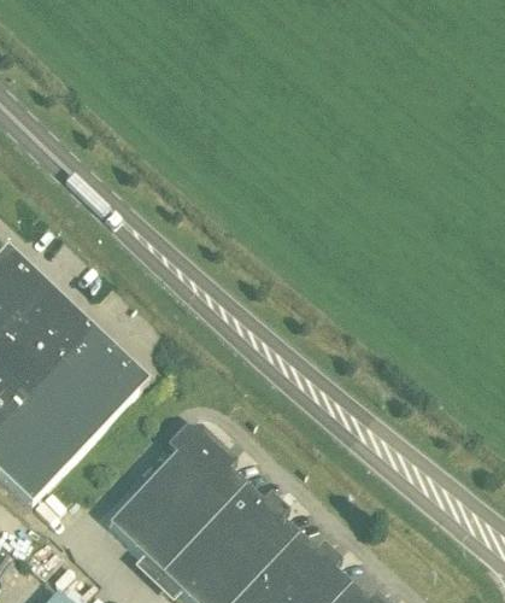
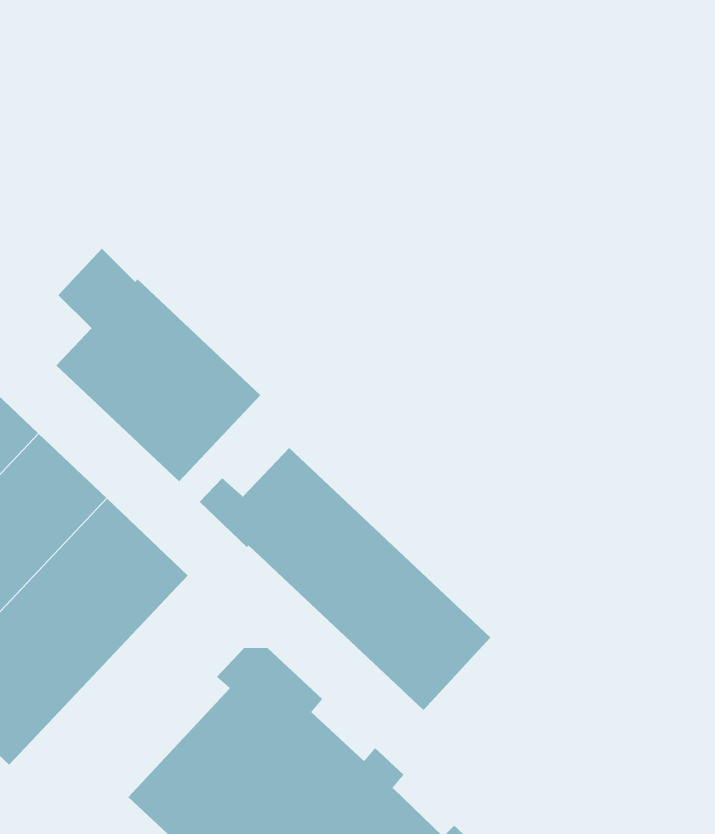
building: none -> [56,248,261,482]
building: none -> [199,447,491,711]

